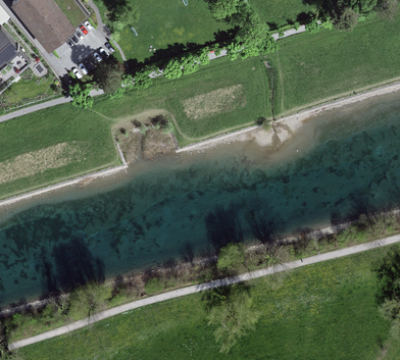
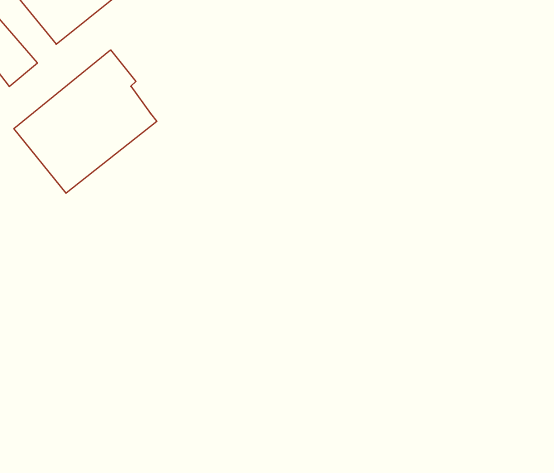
building: none -> [14,50,157,193]

